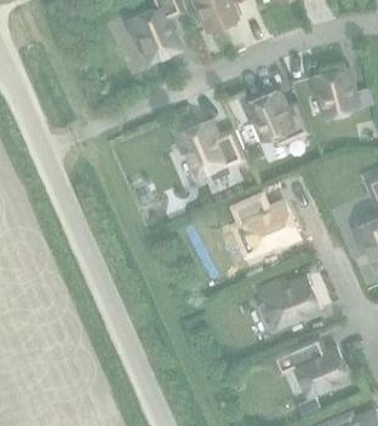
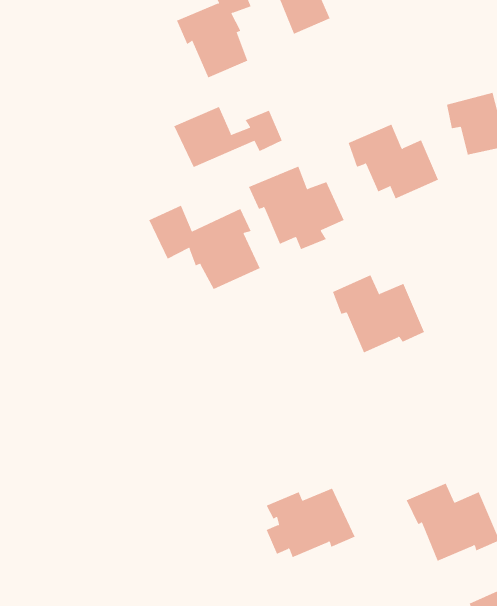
building: none -> [174,106,282,168]
building: none -> [149,205,261,290]
building: [257,277,319,326] -> [266,488,355,558]

